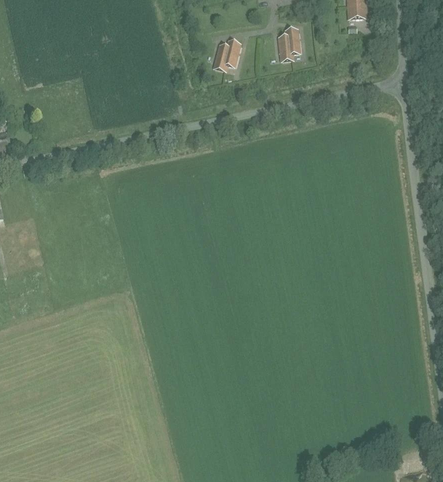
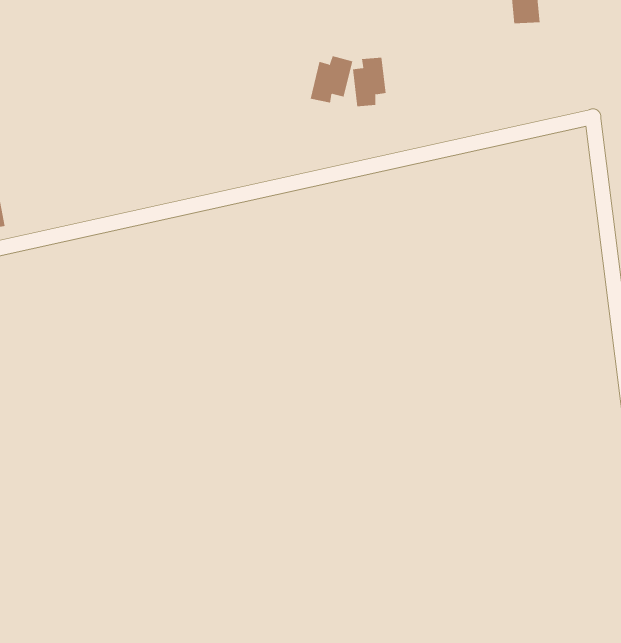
building: [277,28,300,61] -> [352,57,387,107]

